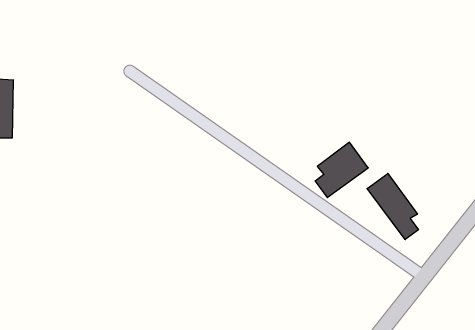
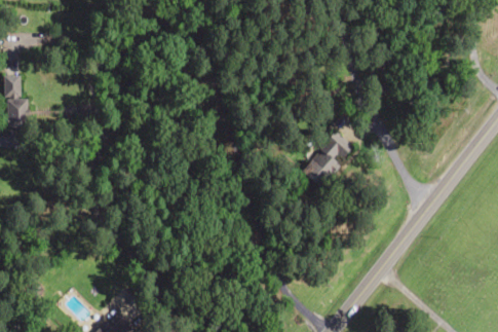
building: [367,173,418,240] -> none

